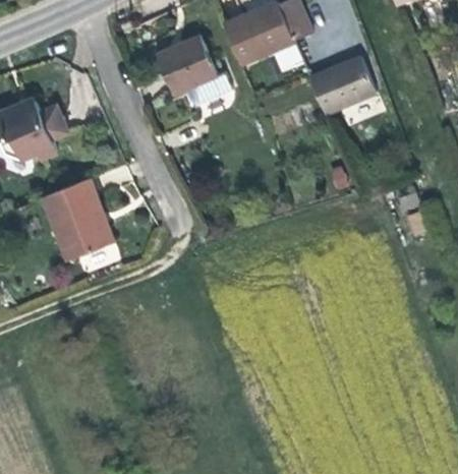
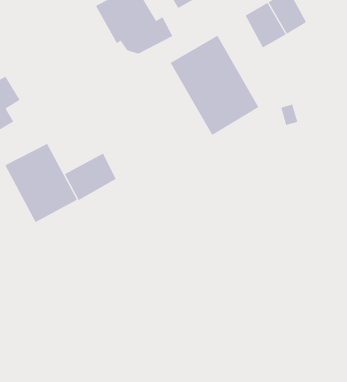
building: none -> [170,35,259,136]
building: none -> [64,153,116,201]

